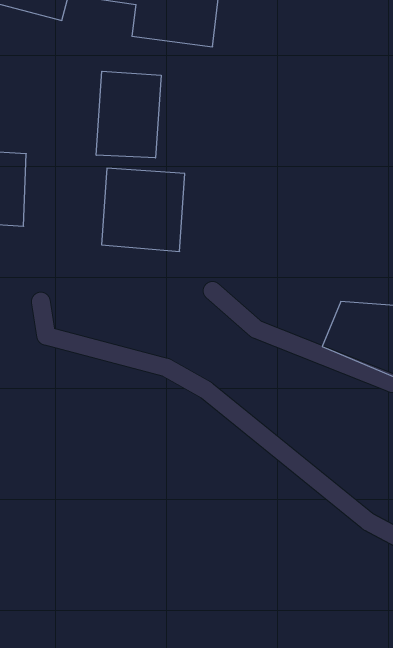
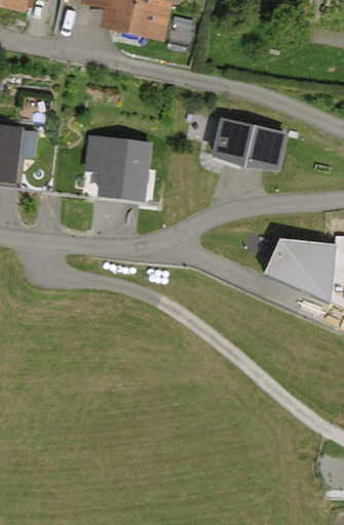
building: [96,71,161,158] -> none
building: none -> [211,118,285,172]

